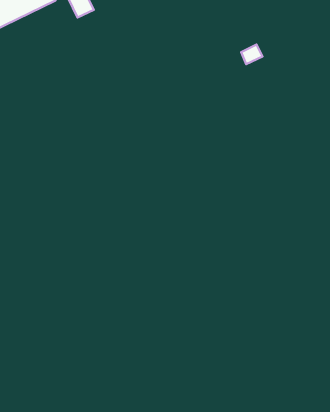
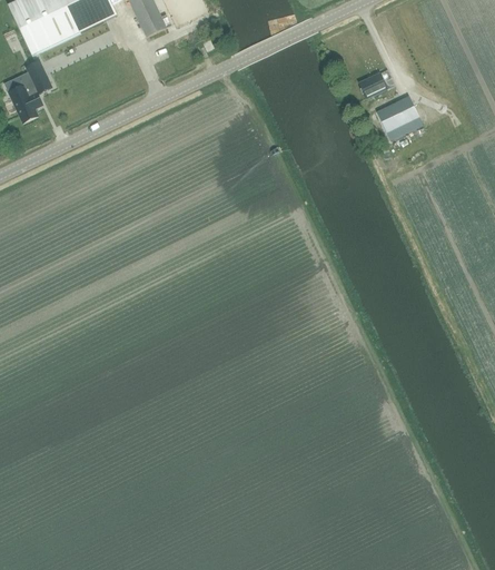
building: none -> [377,96,423,139]

